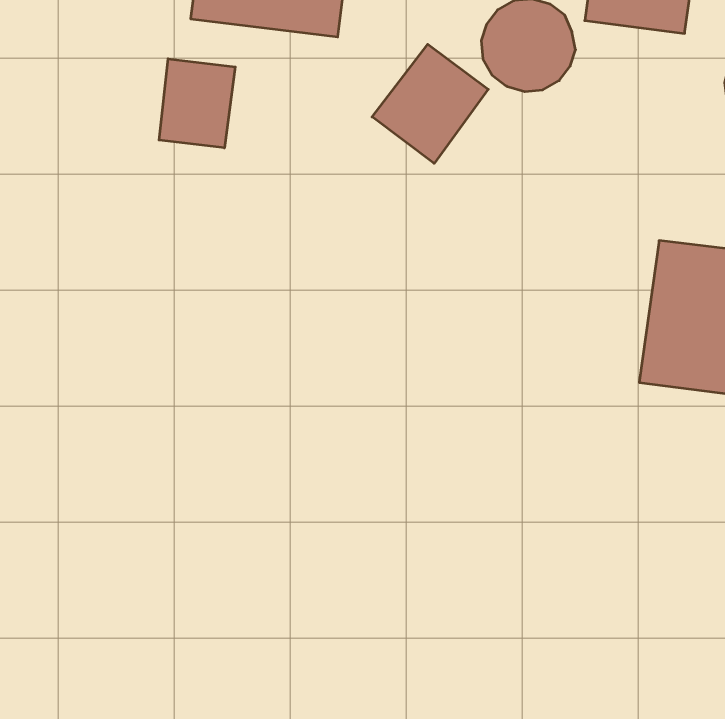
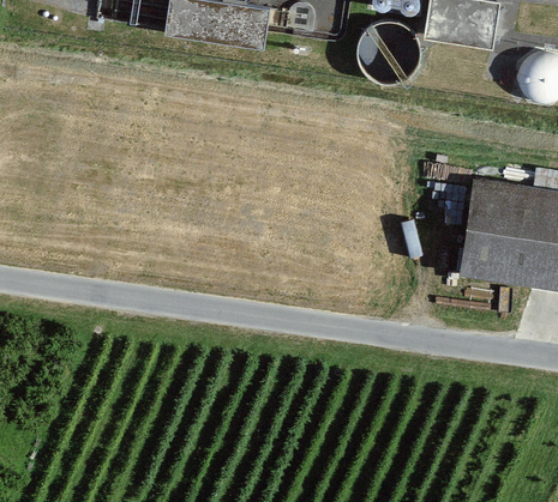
building: [372,44,488,163] -> none
building: [159,59,235,148] -> none

